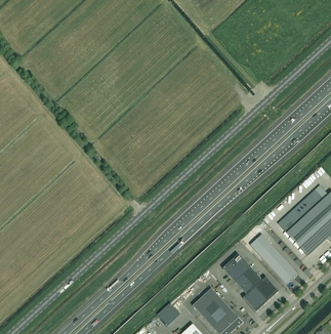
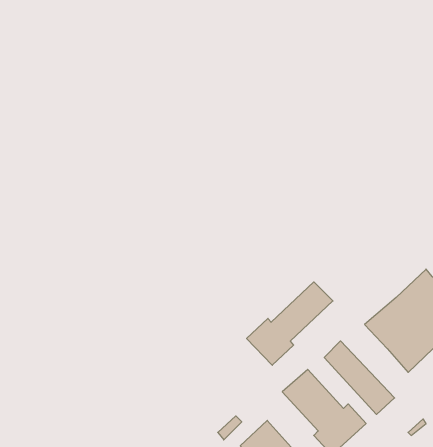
building: none -> [247,282,333,365]

